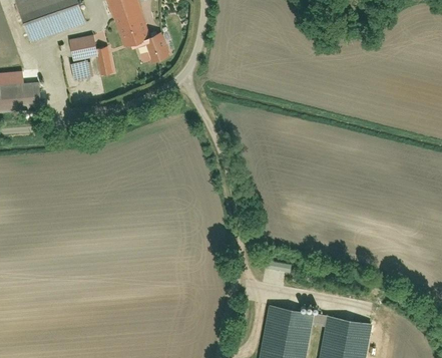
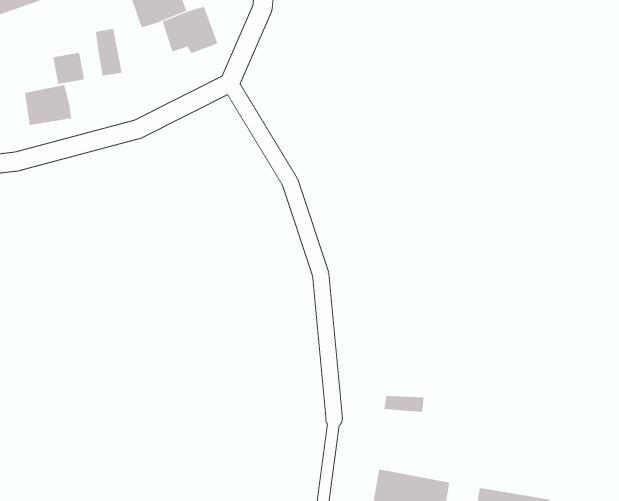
building: [73,36,101,60] -> [24,84,72,125]

